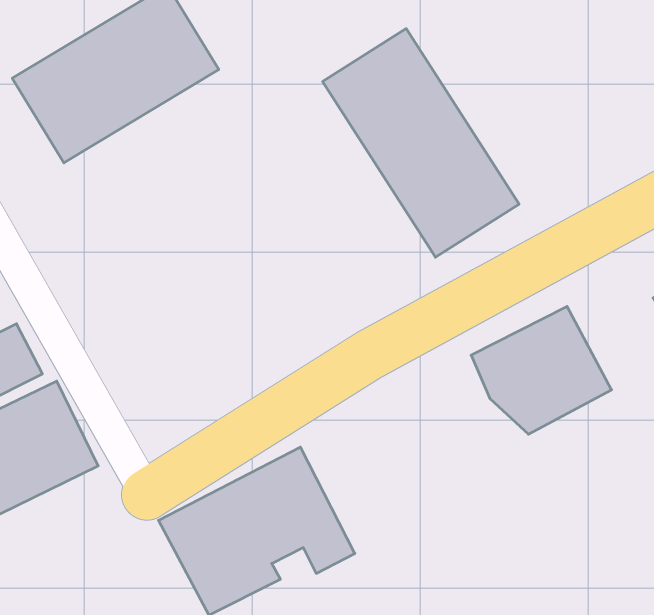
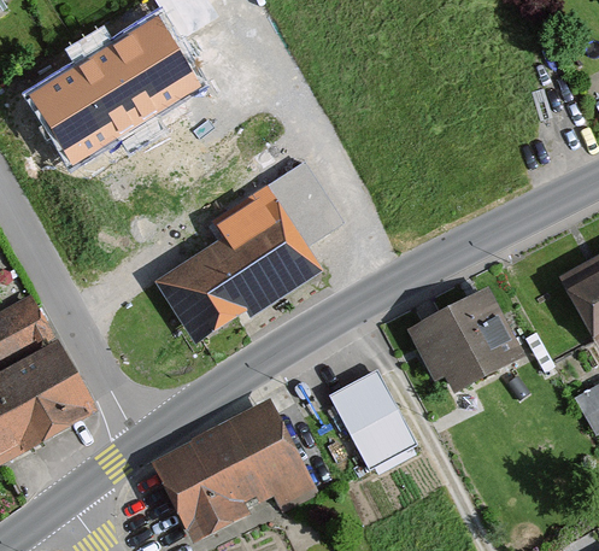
building: [323,29,519,257] -> none
building: none -> [157,182,318,340]
building: none -> [327,365,416,468]

